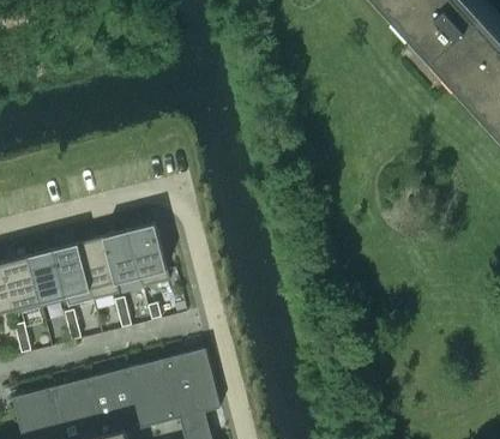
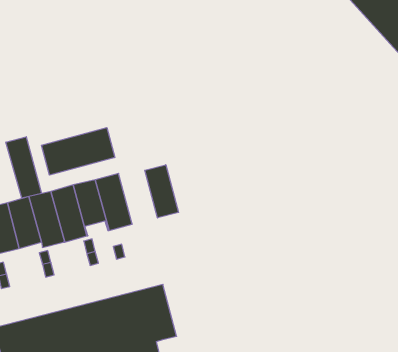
building: none -> [42,128,115,175]
building: none -> [6,137,42,198]
building: none -> [145,165,179,218]

